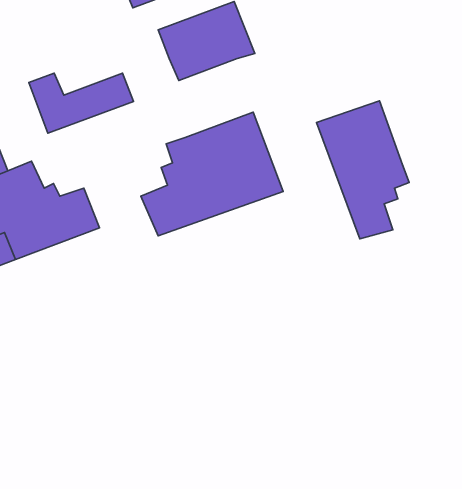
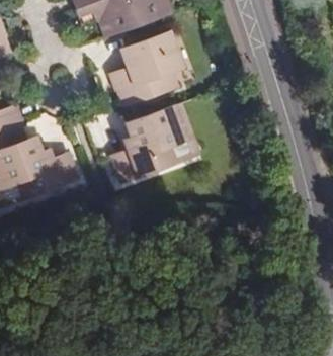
building: [29,73,133,133] -> [112,66,179,104]
building: [317,101,409,239] -> none

